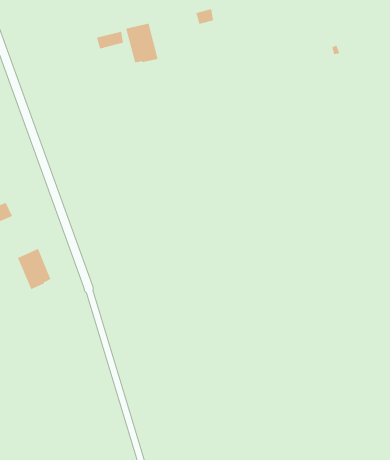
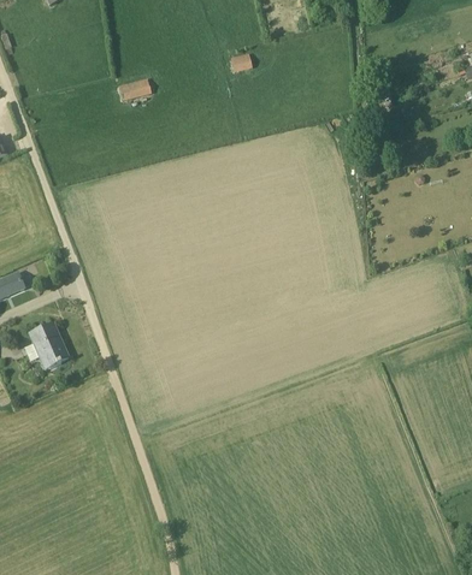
building: [125,23,158,63] -> none

